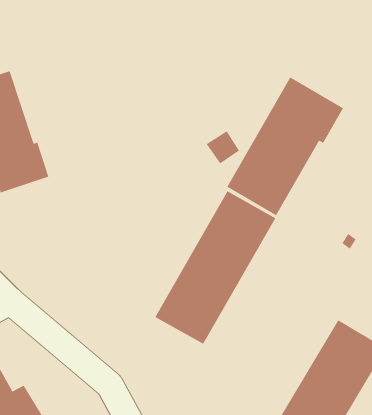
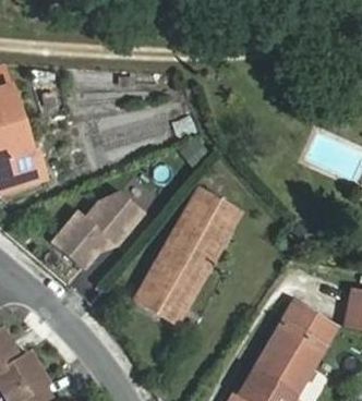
building: [227,77,344,216] -> none
building: none -> [52,191,144,267]

